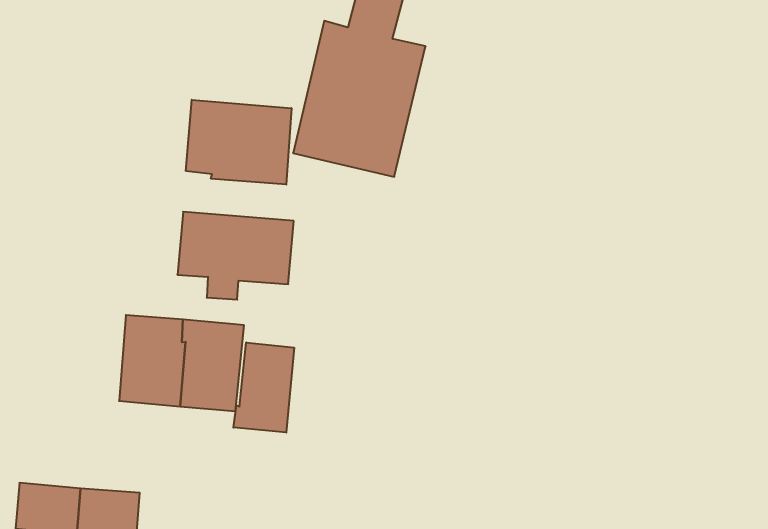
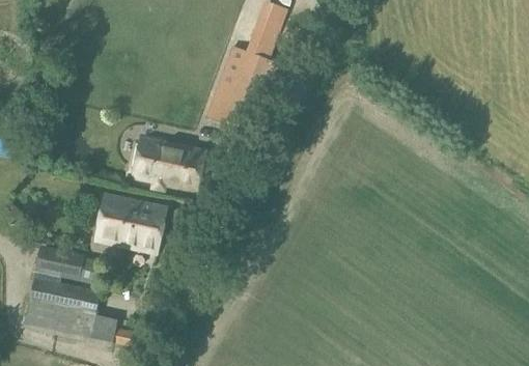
building: [186,100,291,185] -> none
building: [233,342,294,433] -> none
building: none -> [34,248,83,280]

